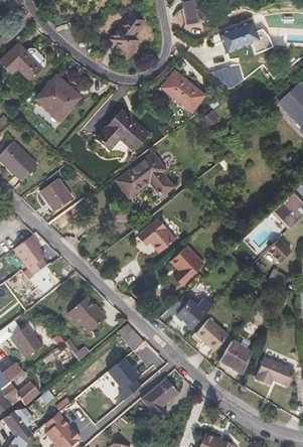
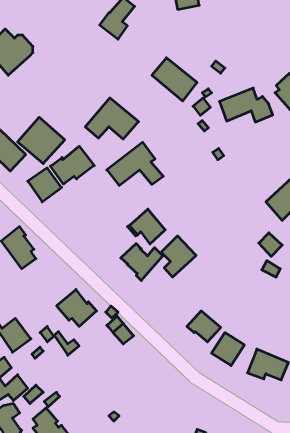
building: [219,20,272,53] -> [219,88,273,122]
building: [34,74,81,120] -> [18,117,65,164]
building: none -> [50,146,94,184]
building: [170,293,211,329] -> [121,244,163,281]
building: [107,359,140,401] -> none
building: [141,379,178,422] -> none

